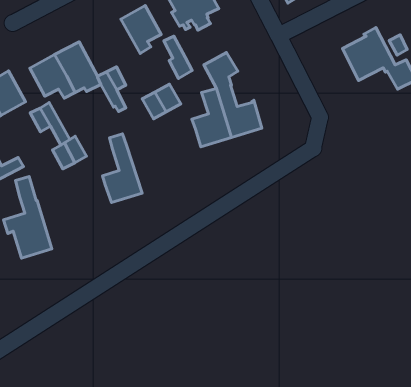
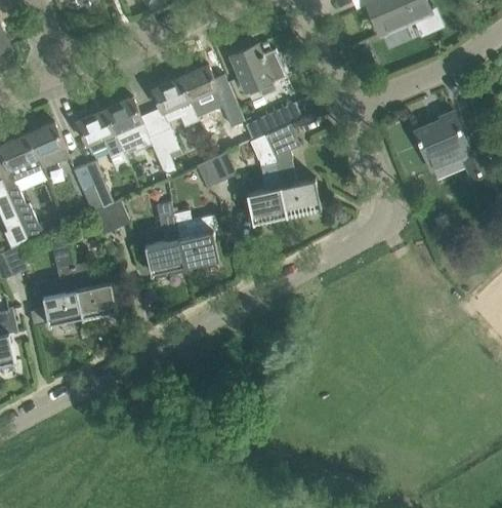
building: none -> [152,77,198,123]
building: none -> [245,103,301,140]
building: none -> [173,210,219,267]
building: none -> [72,262,118,318]

